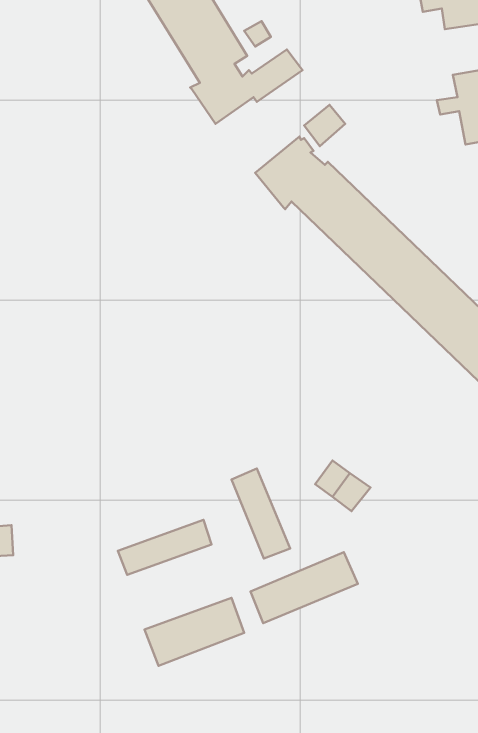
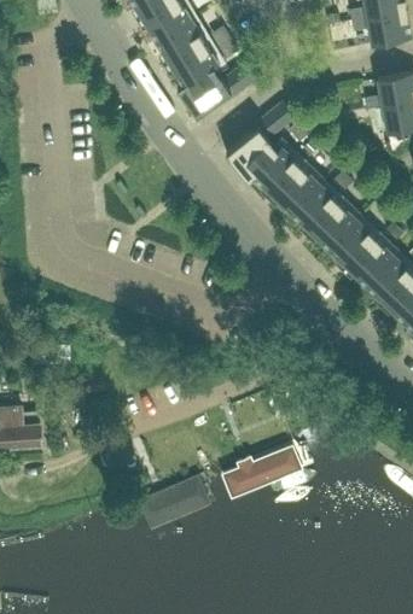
building: [231,469,290,559] -> none
building: [118,520,211,575] -> none

